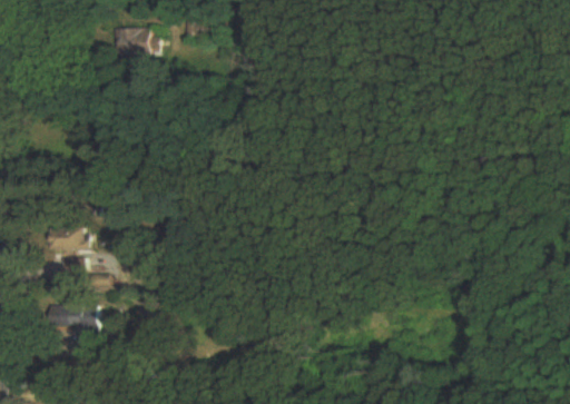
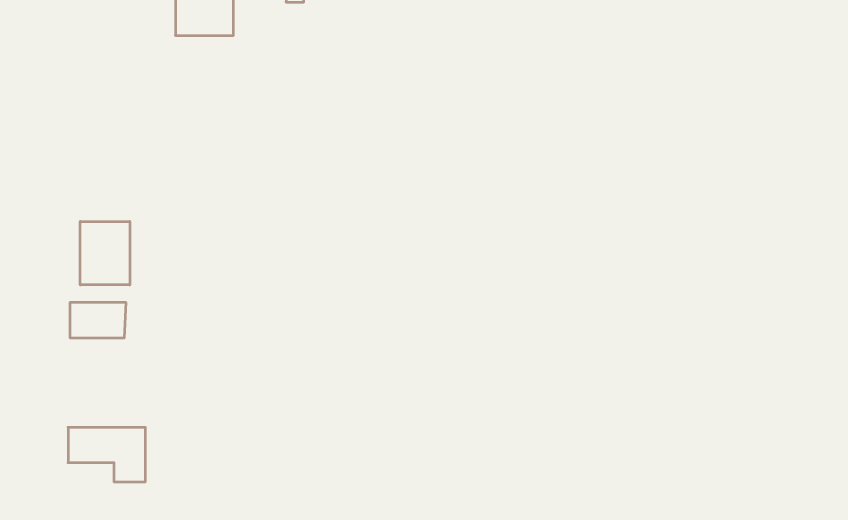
building: none -> [80,221,130,285]

